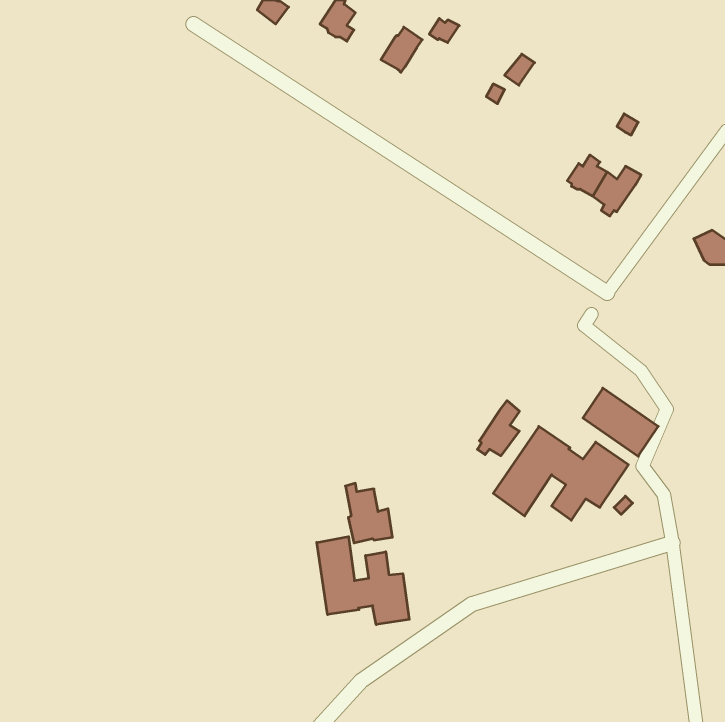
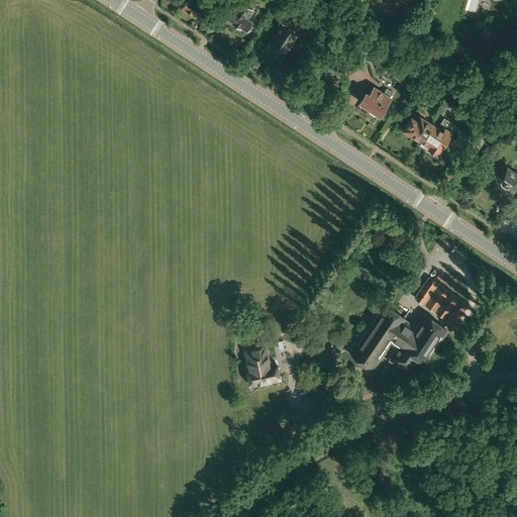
building: none -> [361,89,394,119]
building: [477,401,519,456] -> none
building: [317,537,409,625] -> none

